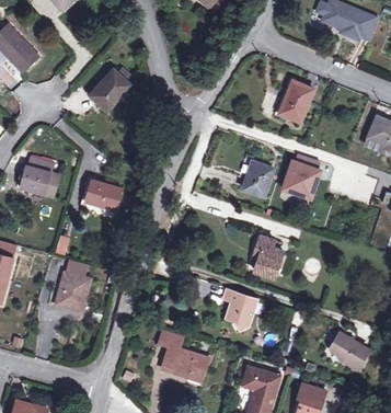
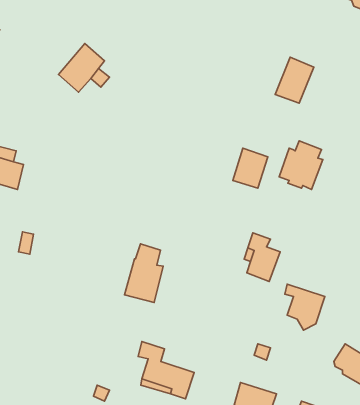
building: [84,179,120,209] -> none
building: [55,259,89,310] -> [124,244,163,302]
building: [221,288,256,329] -> [285,284,325,330]

